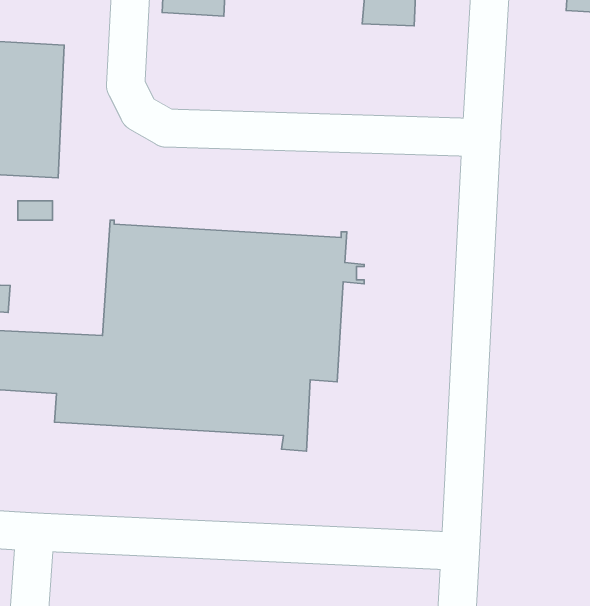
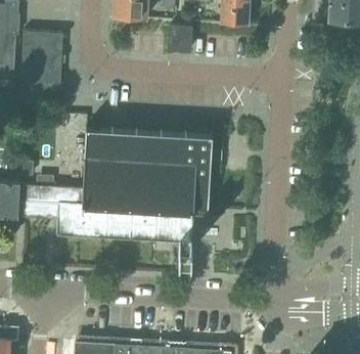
building: none -> [169,25,191,50]

